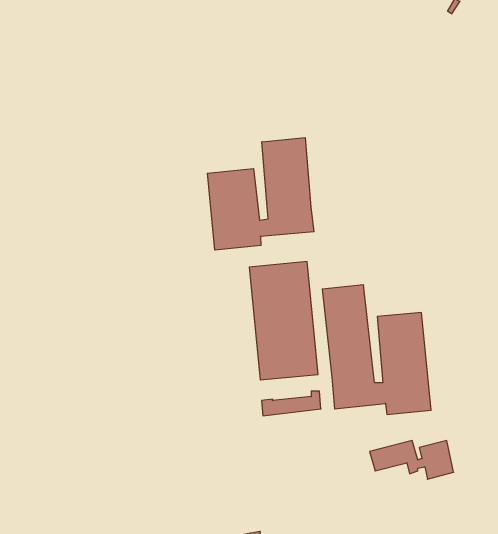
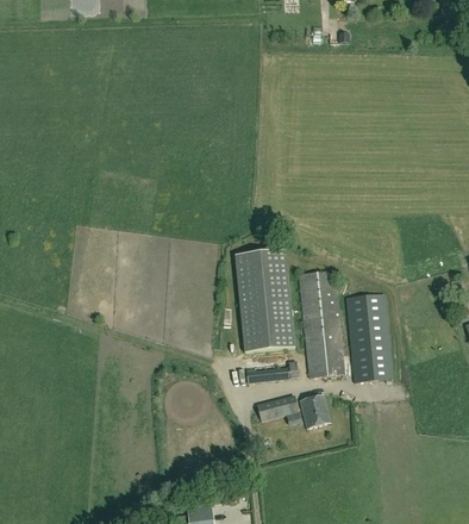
building: [207,138,314,250] -> none
building: [370,441,454,479] -> [256,394,329,428]

